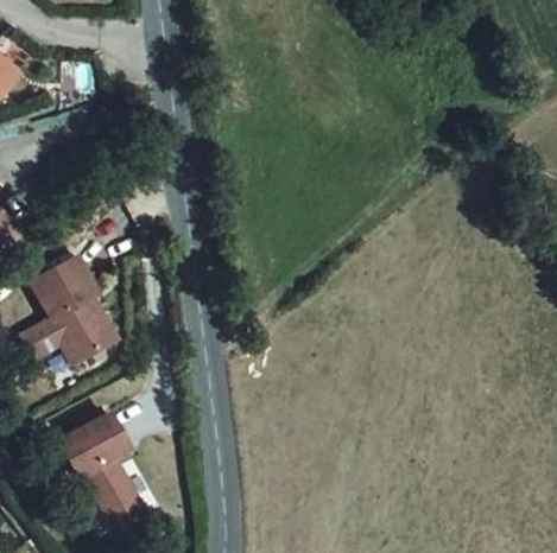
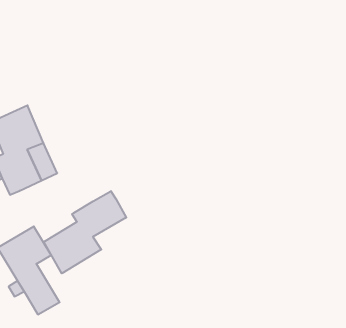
building: none -> [44,191,126,273]

